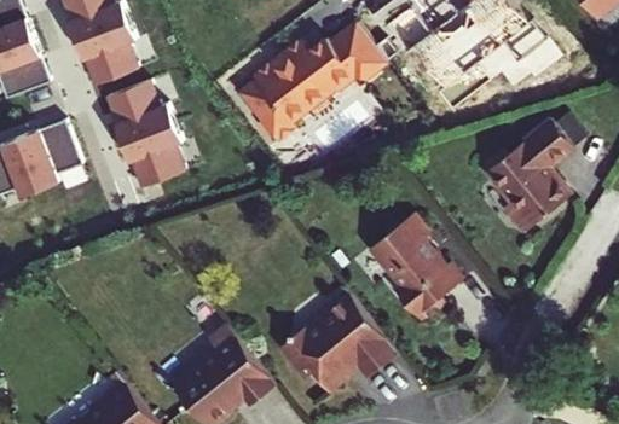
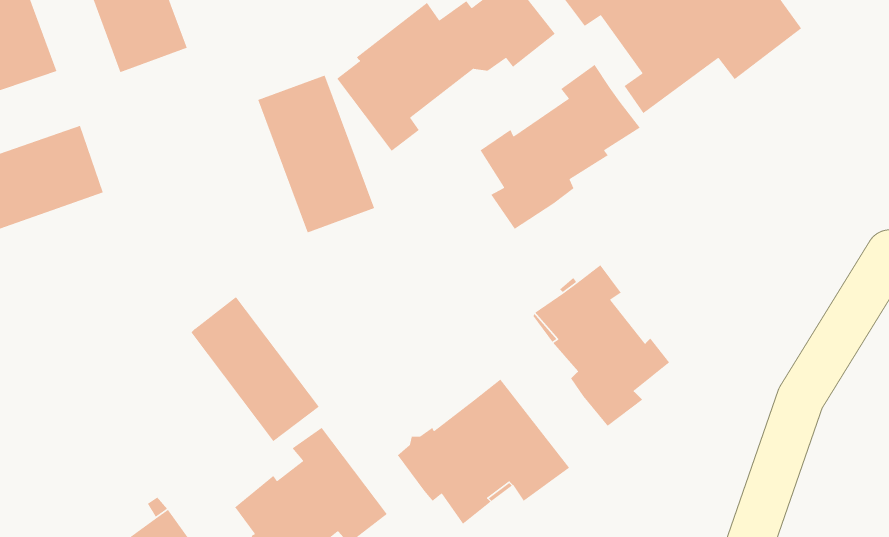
building: none -> [480,64,641,230]
building: [106,81,186,188] -> [257,74,375,233]
building: [486,118,574,232] -> none
building: none -> [191,296,320,442]

